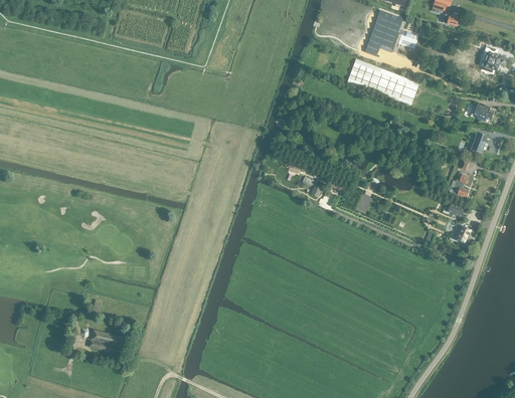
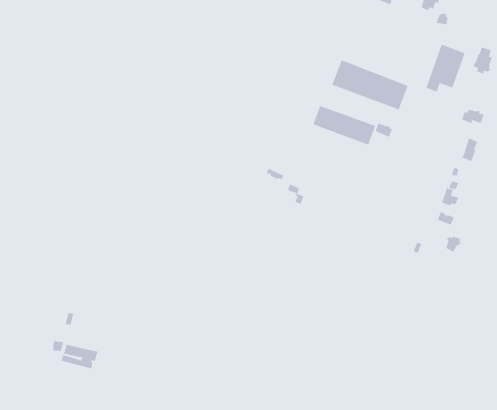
building: [364,8,402,54] -> [425,44,465,92]
building: none -> [313,105,376,146]

